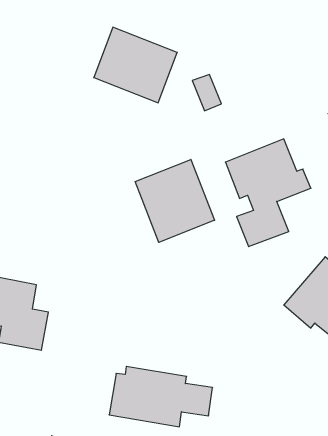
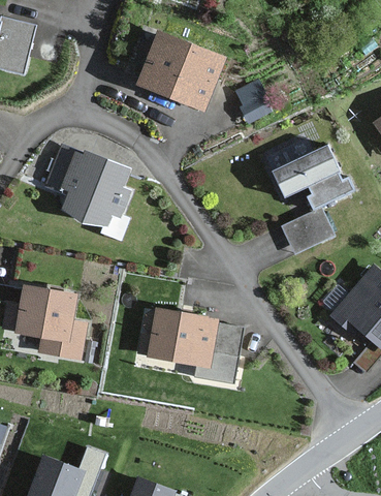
building: none -> [45,144,130,227]
building: [135,159,215,242] -> none
building: [109,366,213,427] -> [137,308,244,370]

